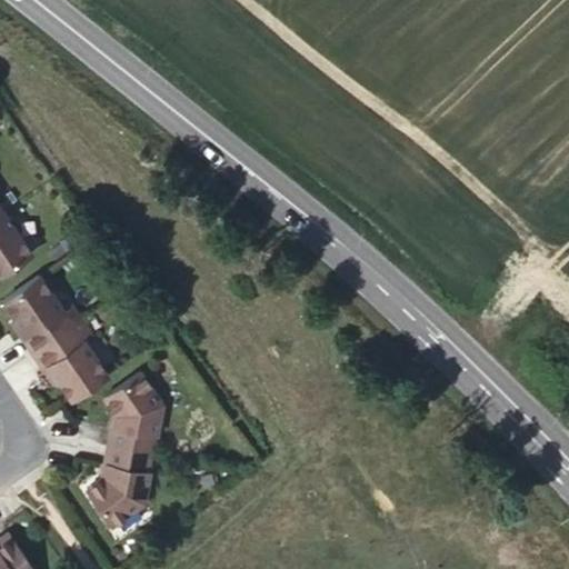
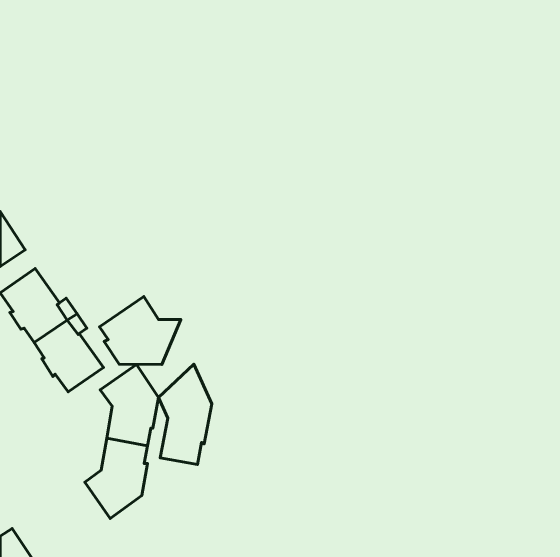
building: none -> [100,297,181,364]
building: none -> [158,364,212,465]

